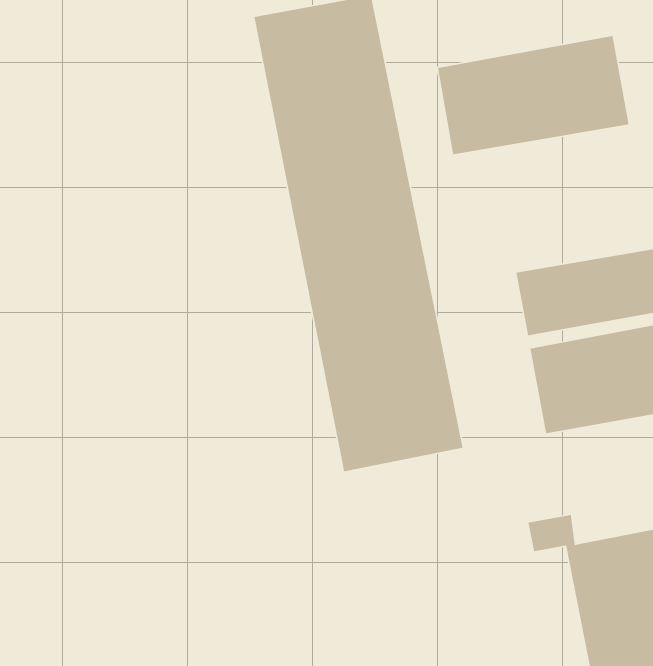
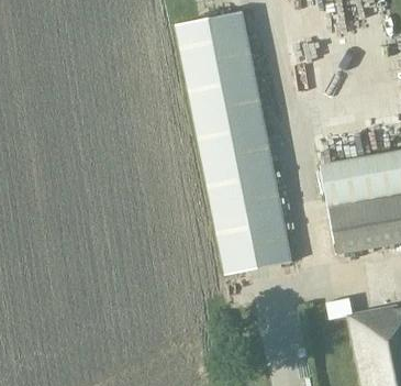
building: [437,35,629,155] -> none

